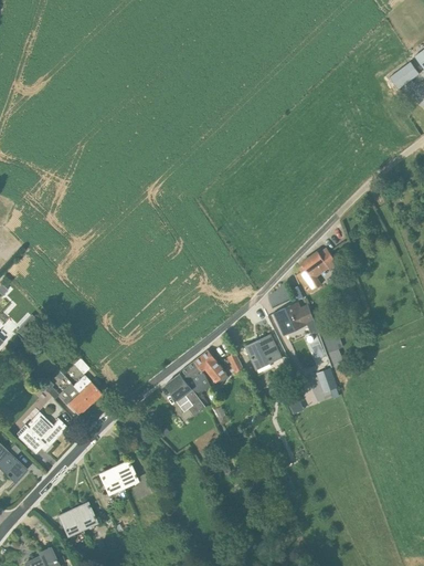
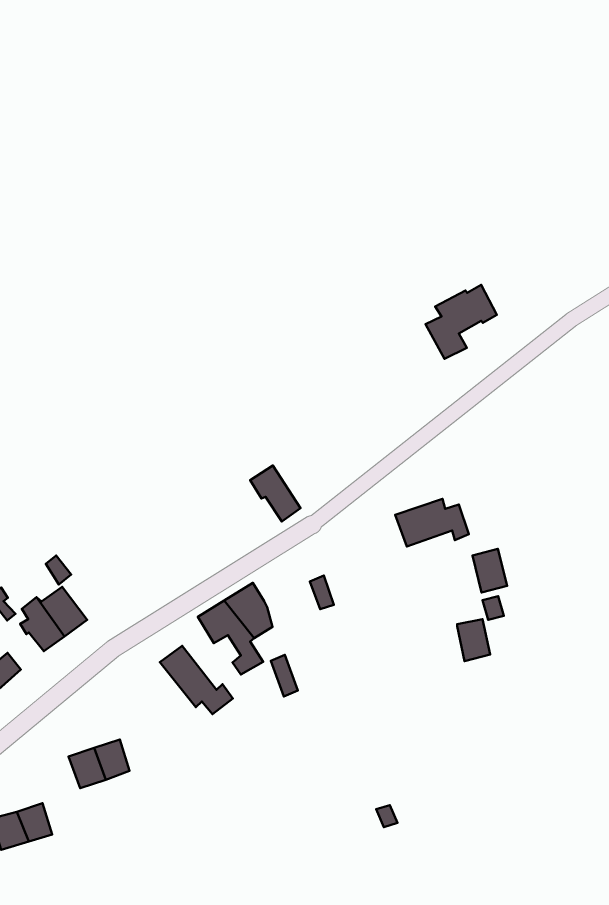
building: [297,248,338,293] -> [426,285,497,359]
building: [245,335,282,369] -> none
building: [195,352,226,384] -> [250,465,300,521]
building: none -> [160,646,233,714]

